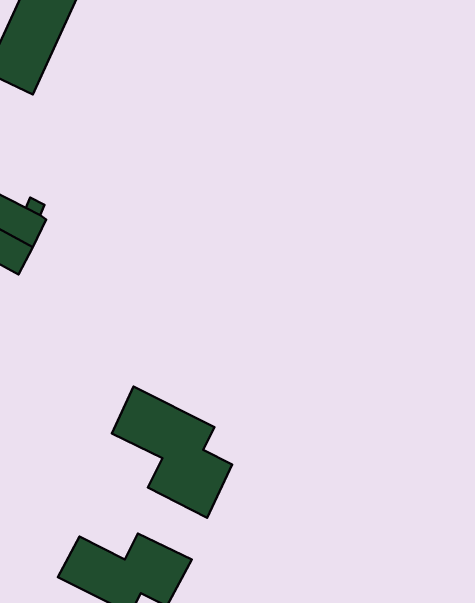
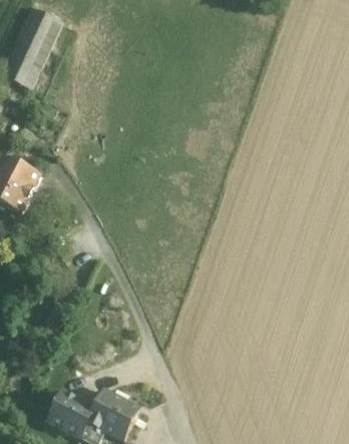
building: [112,387,232,518] -> none

